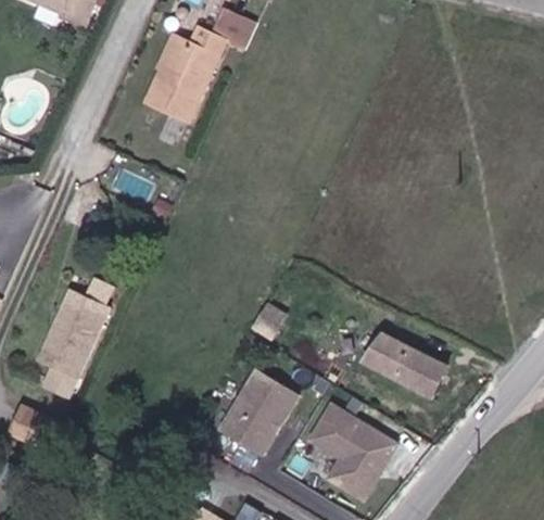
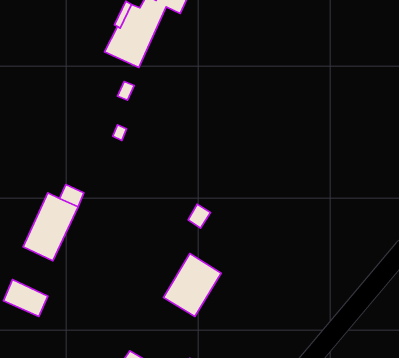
building: [364,334,445,395] -> none
building: [312,404,397,498] -> none

